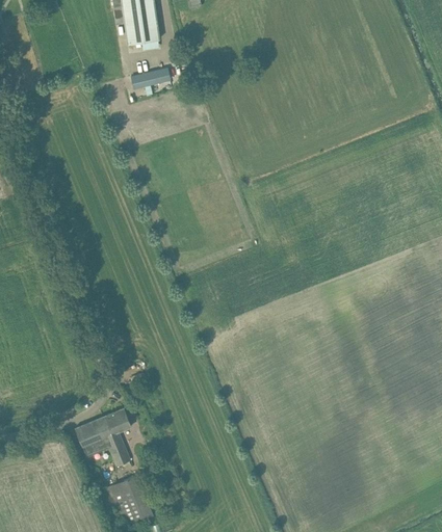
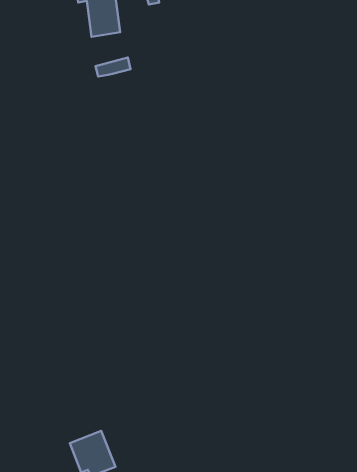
building: [76,407,132,464] -> none

